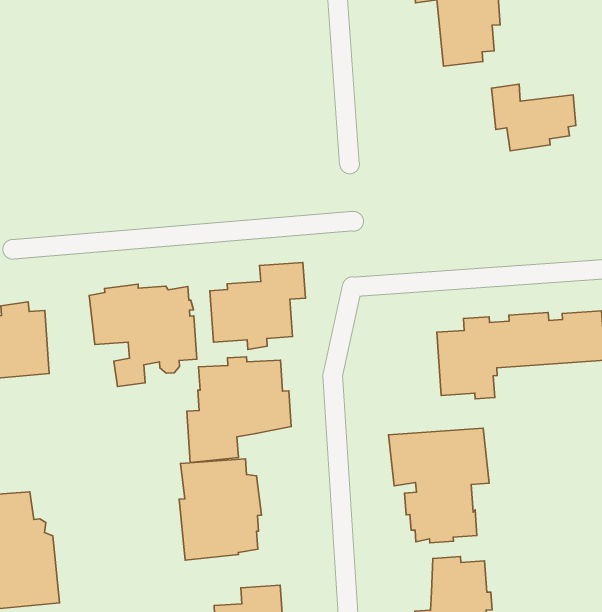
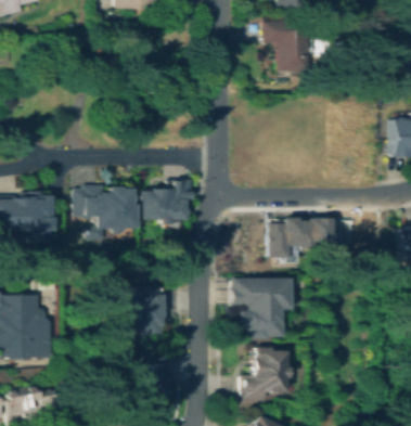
building: [492,84,576,151] -> none
building: [187,357,291,462] -> none

